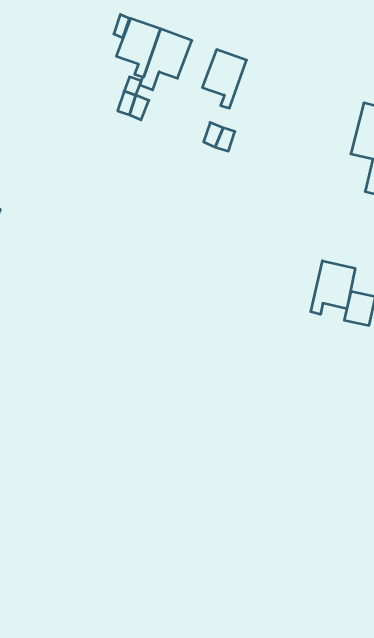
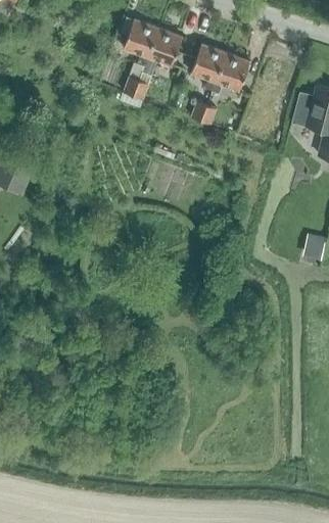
building: none -> [212,52,249,93]
building: [311,261,355,314] -> none

